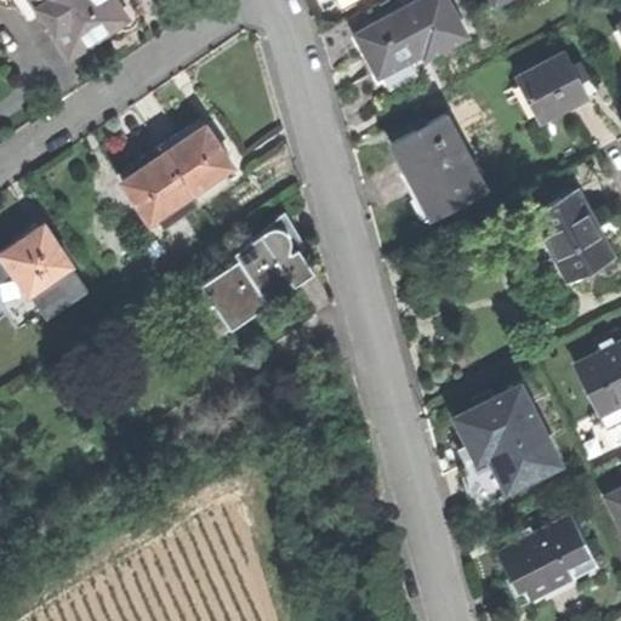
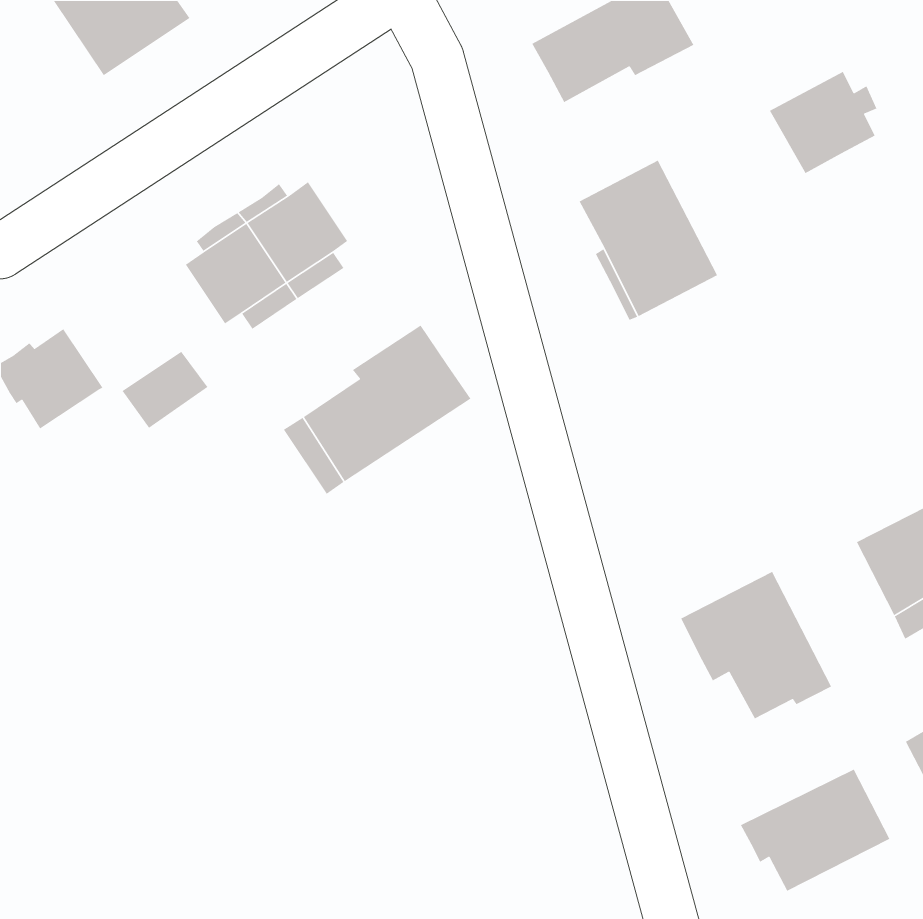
building: [535,193,613,284] -> none
building: [29,266,87,318] -> [122,351,209,429]

